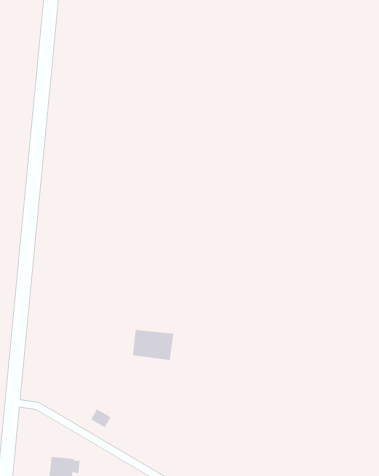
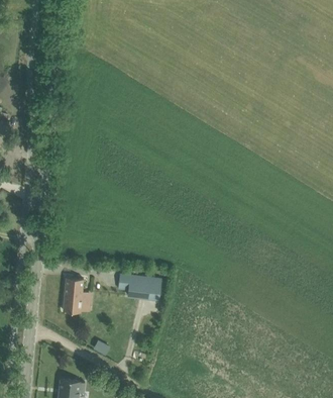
building: none -> [64,277,84,312]

